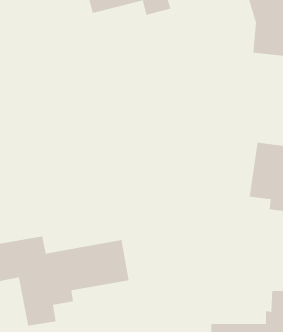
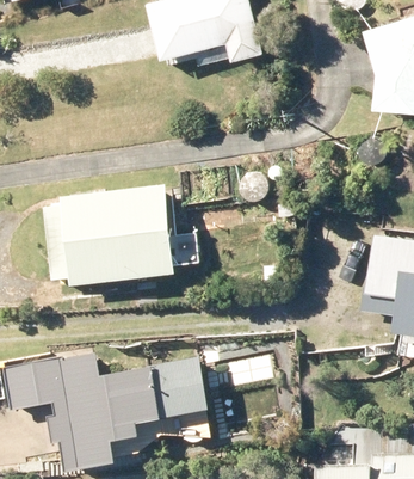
building: none -> [44,188,199,284]

